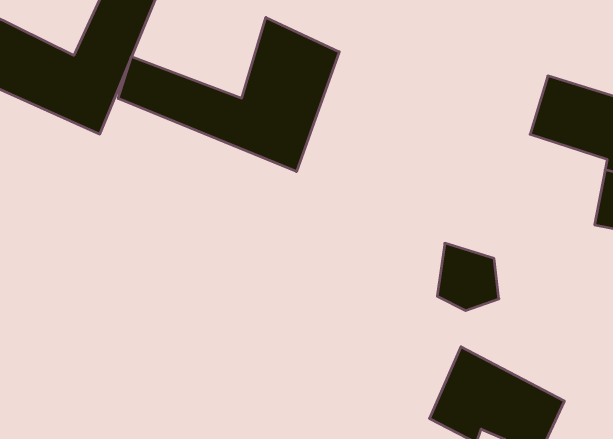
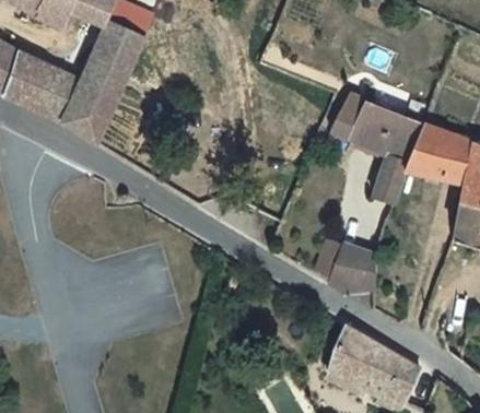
building: [118,17,339,172] -> none
building: none -> [331,98,423,210]

